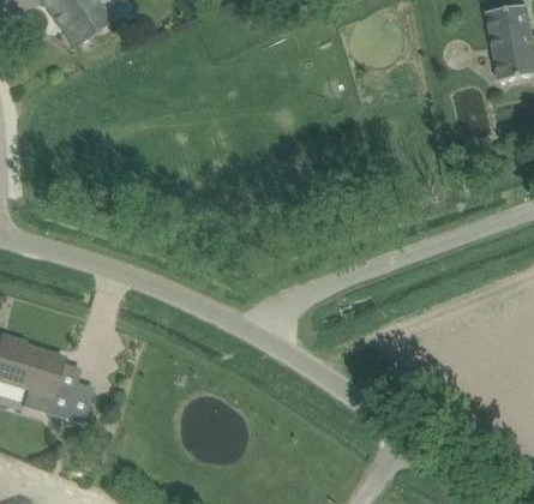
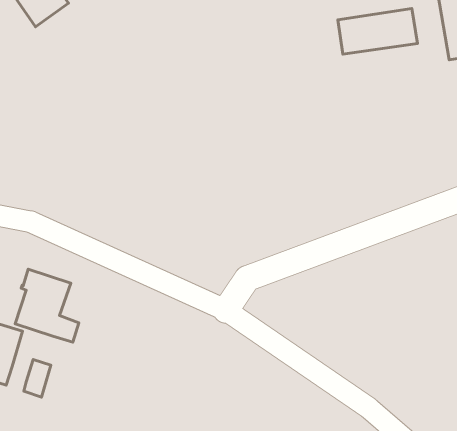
building: none -> [338,8,418,54]
building: none -> [15,269,79,342]

